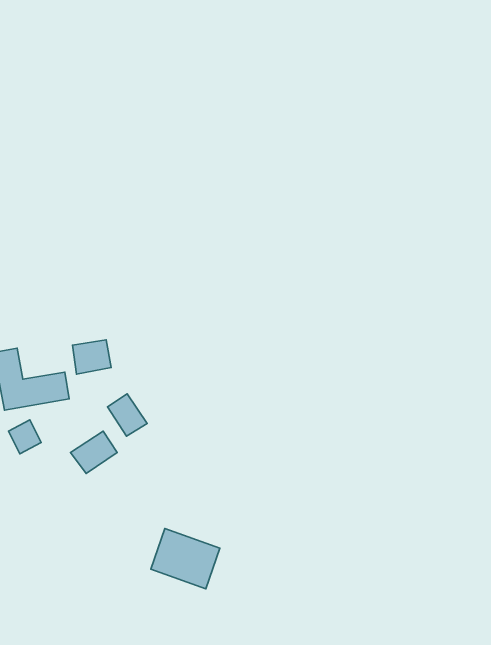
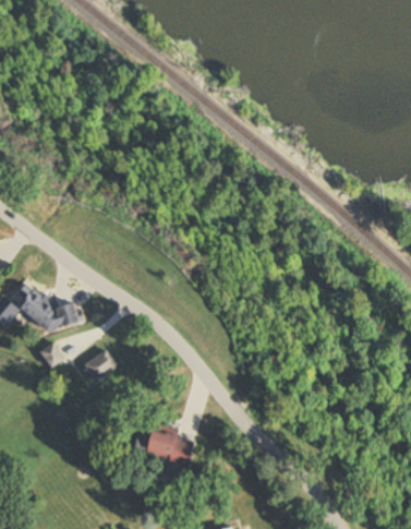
building: [72,340,111,374] -> none
building: [107,394,147,436] -> none

